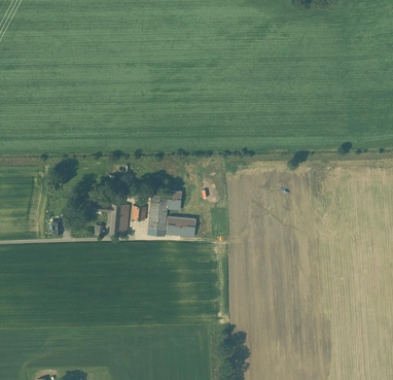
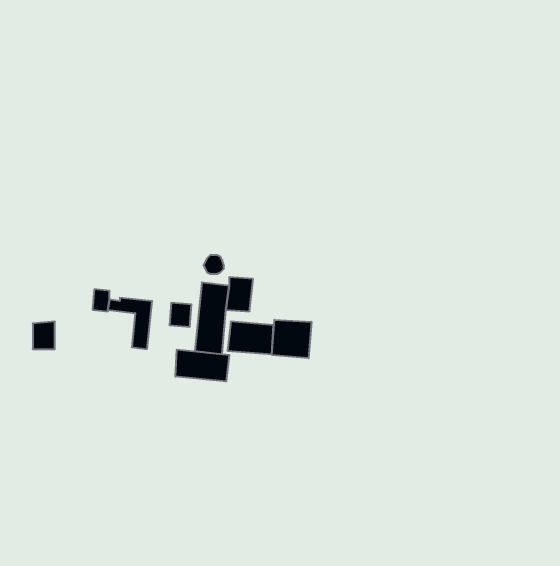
building: none -> [272,320,311,358]
building: none -> [175,350,229,382]

